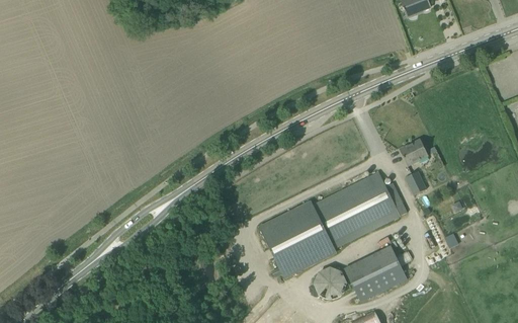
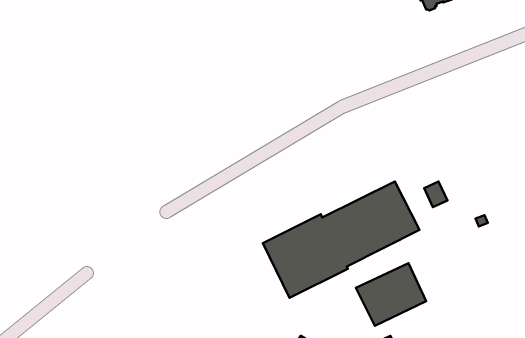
building: [401,139,430,166] -> none
building: [310,264,347,301] -> none

